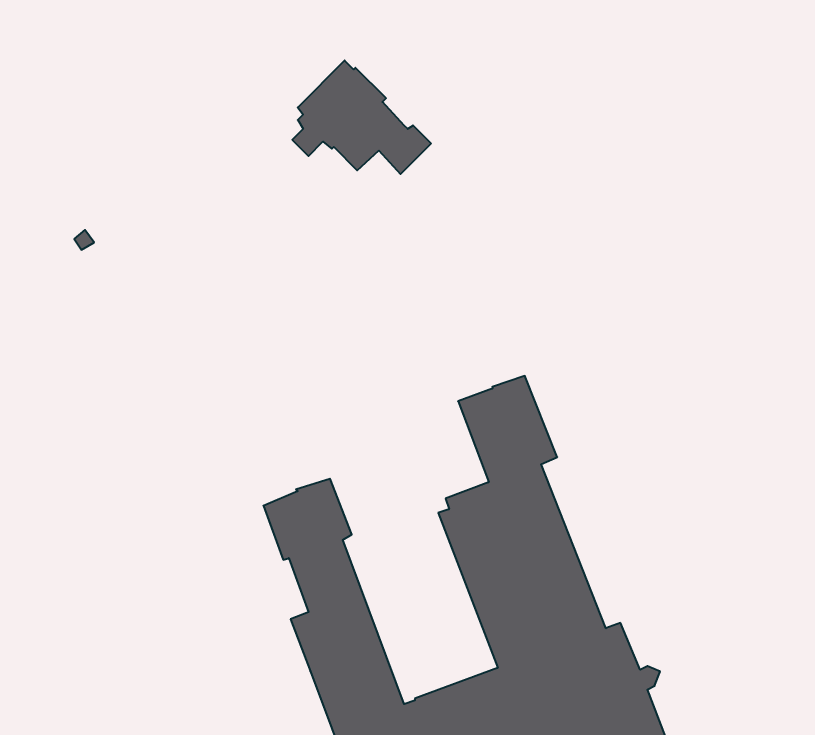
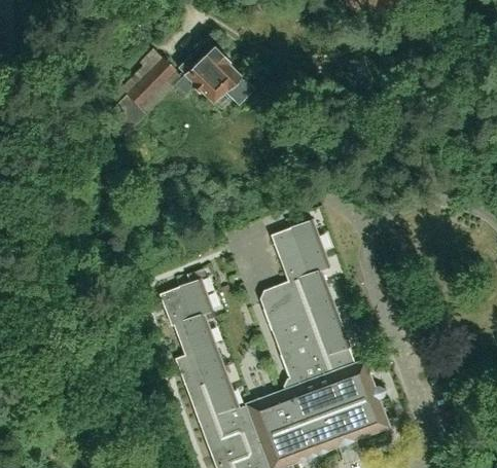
building: none -> [106,58,176,135]

